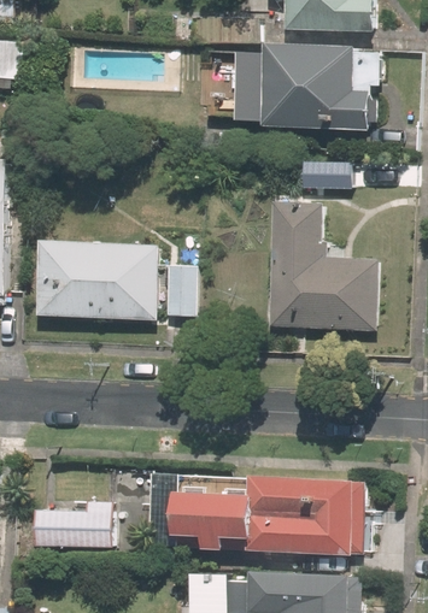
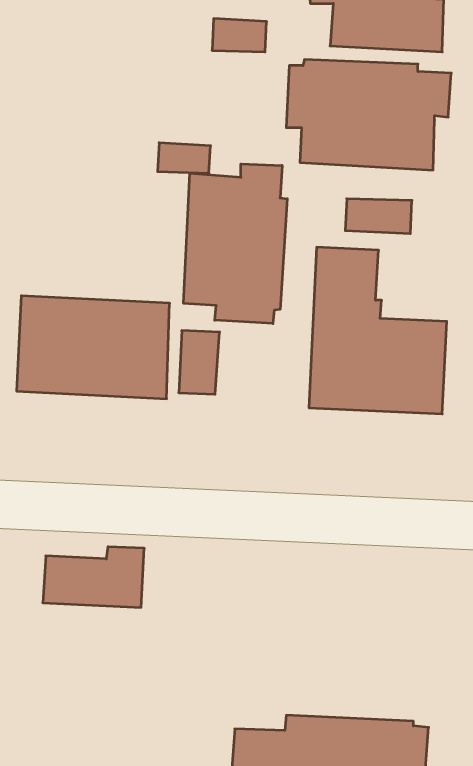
building: none -> [184,164,287,324]
building: [175,473,363,554] -> none
building: [33,500,113,548] -> [43,547,144,607]

